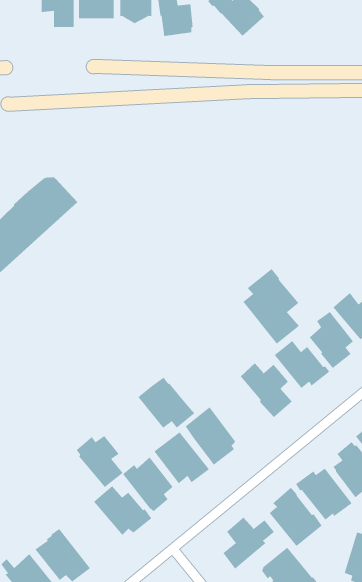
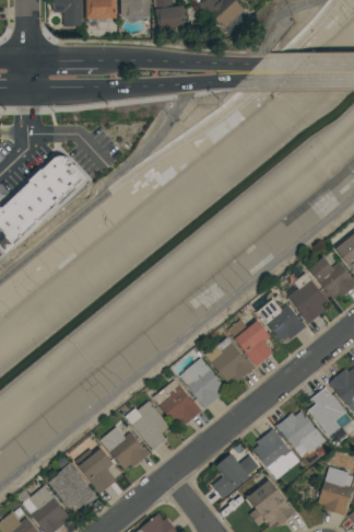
building: [243,268,300,344] -> none
building: [138,377,195,428] -> [204,337,255,382]
building: [76,435,123,488] -> [75,448,117,494]

